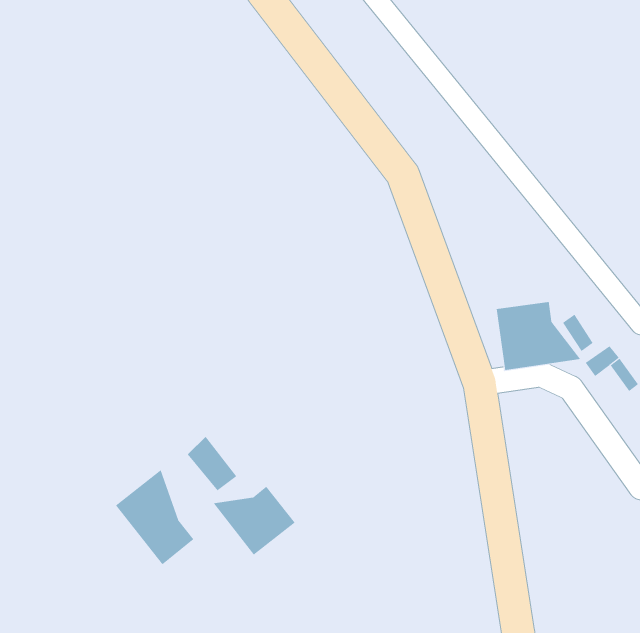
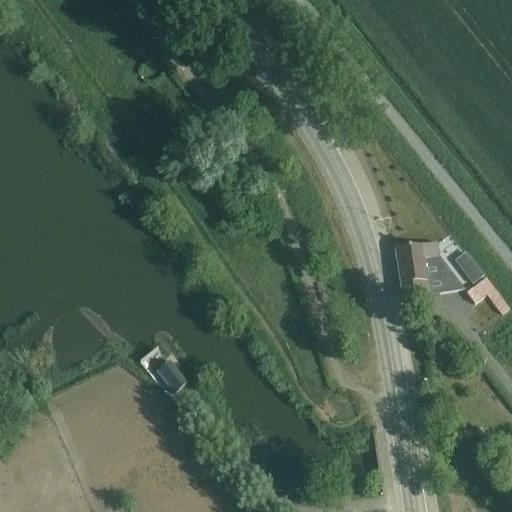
building: [115,469,194,565] -> none
building: [213,486,295,556] -> none

